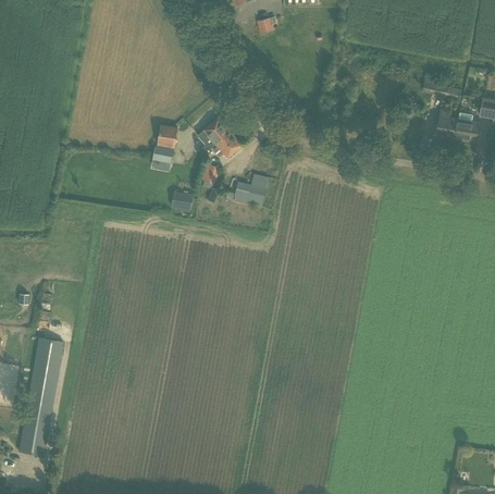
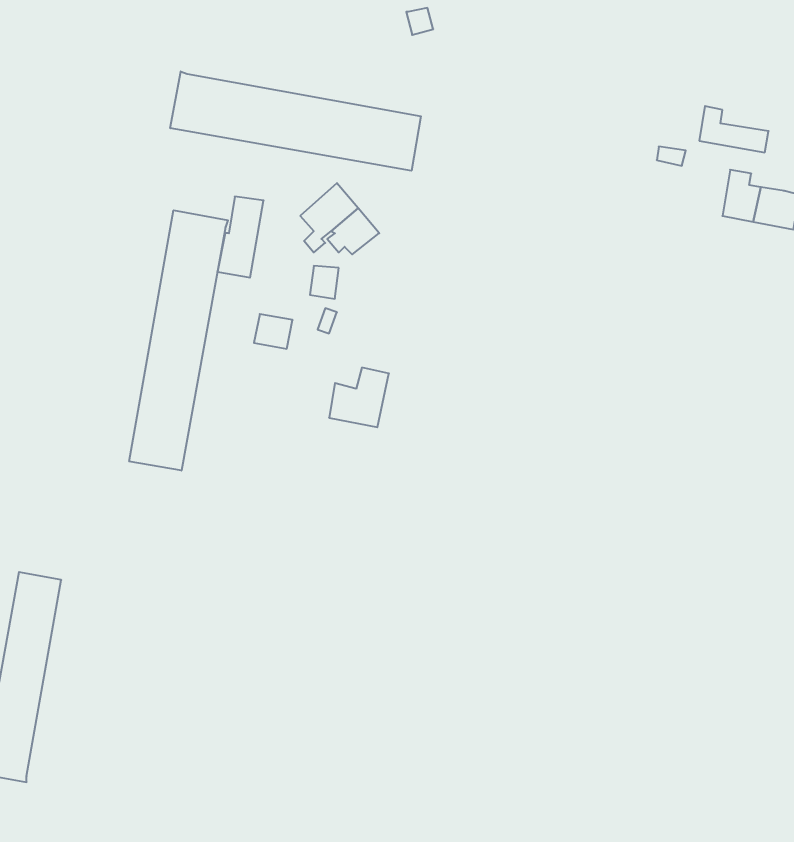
building: none -> [170,71,421,171]
building: none -> [129,210,228,471]
building: [235,172,269,206] -> [329,368,389,427]

